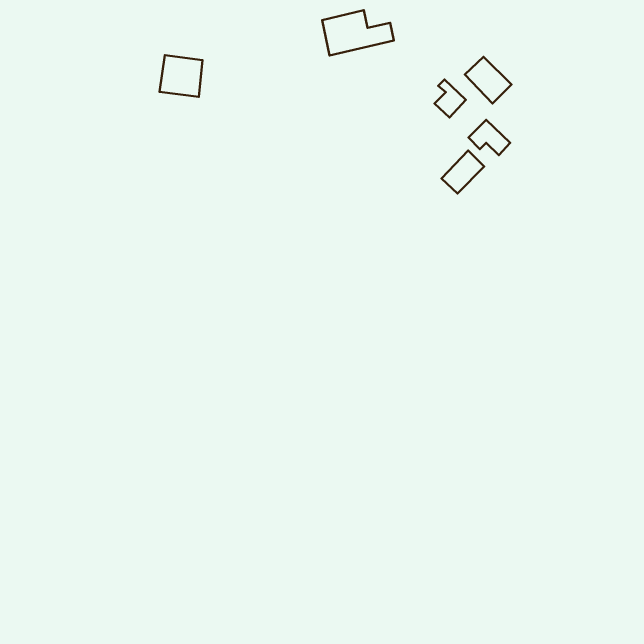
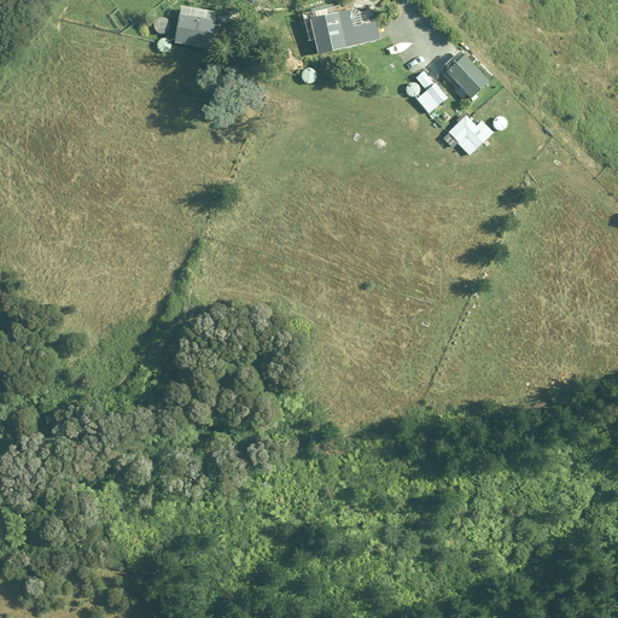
building: [160,55,203,97] -> [175,7,216,47]
building: [441,151,484,194] -> none

